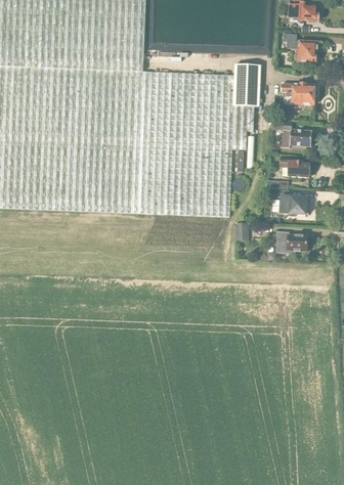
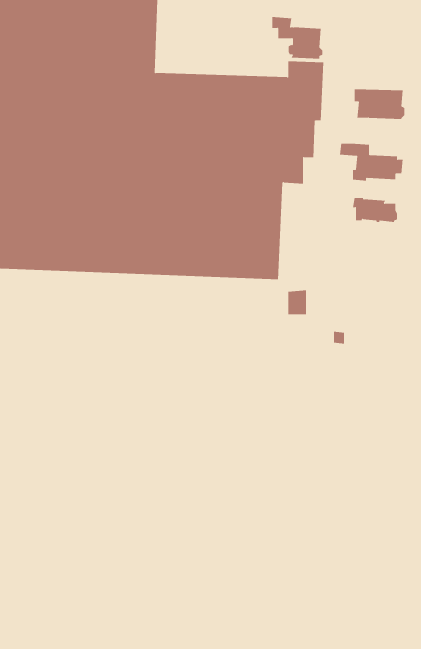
building: [283,33,318,62] -> [272,17,323,59]
building: [277,188,309,215] -> none
building: [276,231,307,254] -> none

